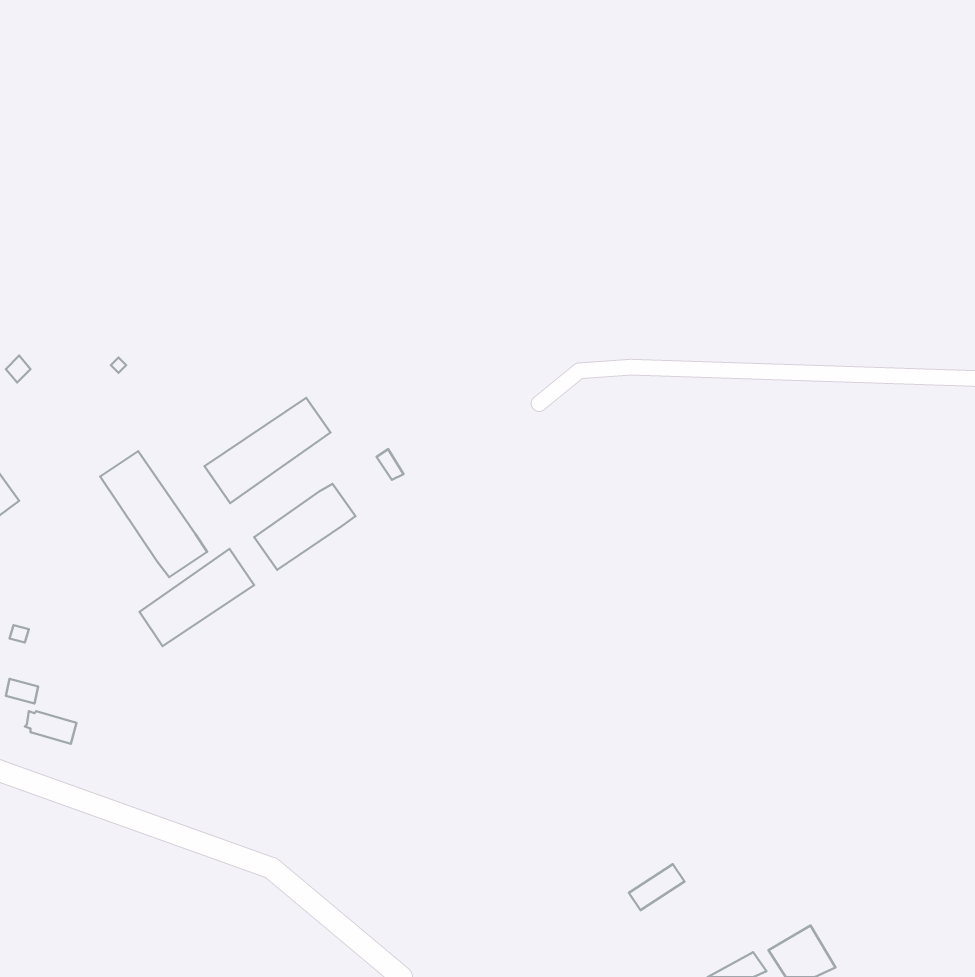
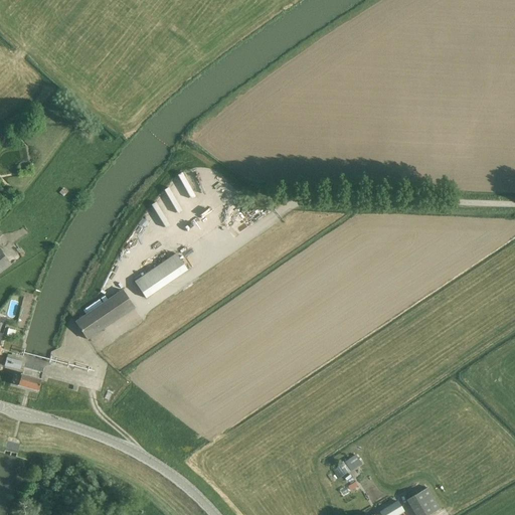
building: [205,398,331,503] -> none
building: [100,451,207,577] -> none

